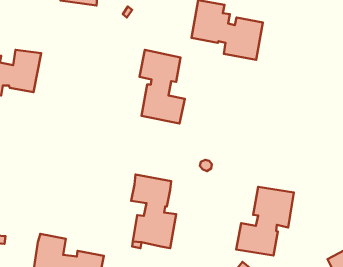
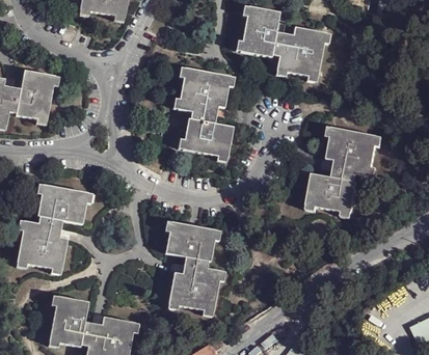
building: none -> [16,183,87,270]
building: [236,187,294,255] -> [306,130,377,214]

